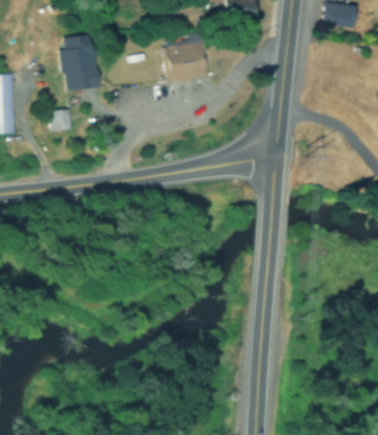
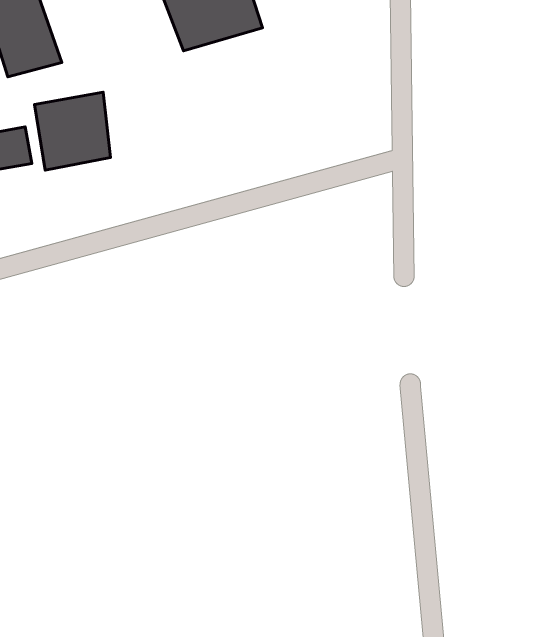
building: none -> [35,92,110,170]

